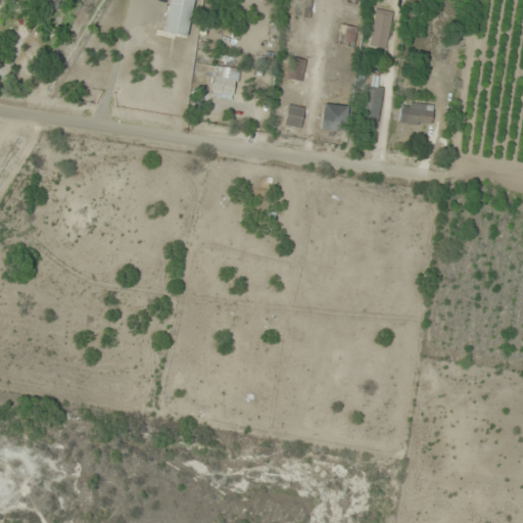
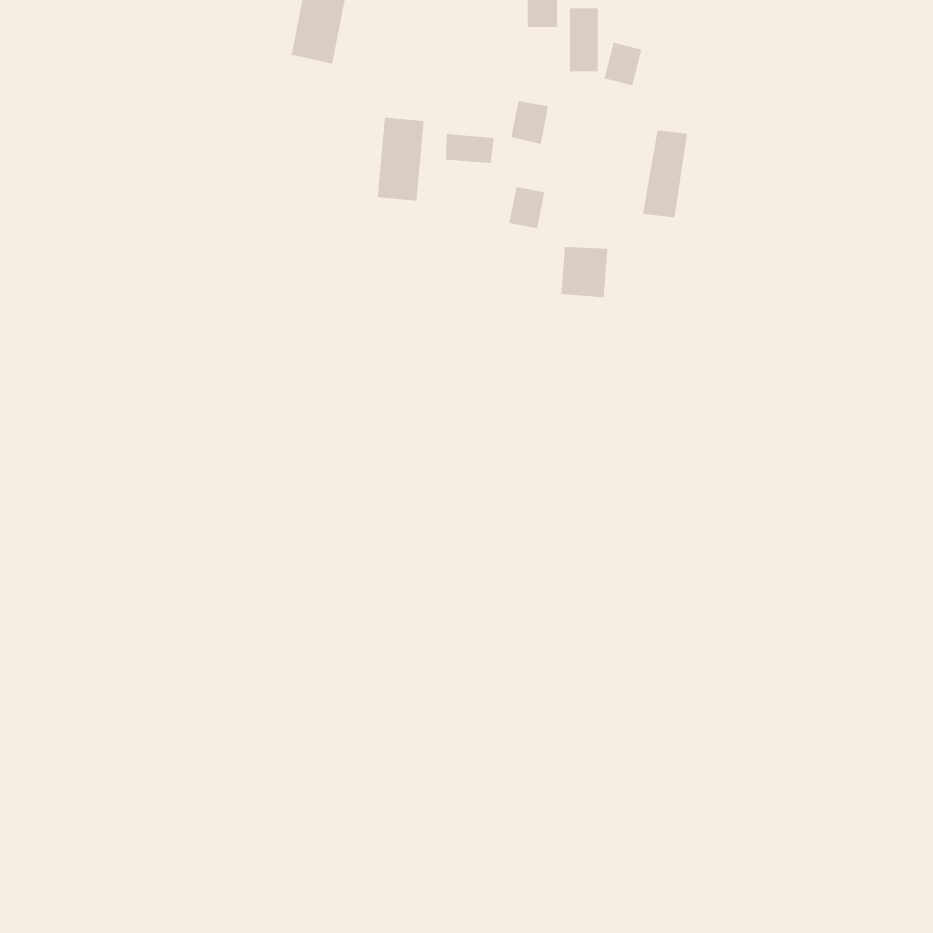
building: [374,11,390,47] -> [569,8,599,72]
building: none -> [446,133,494,164]
building: [322,103,348,132] -> [560,247,608,298]
building: [399,105,433,124] -> none

